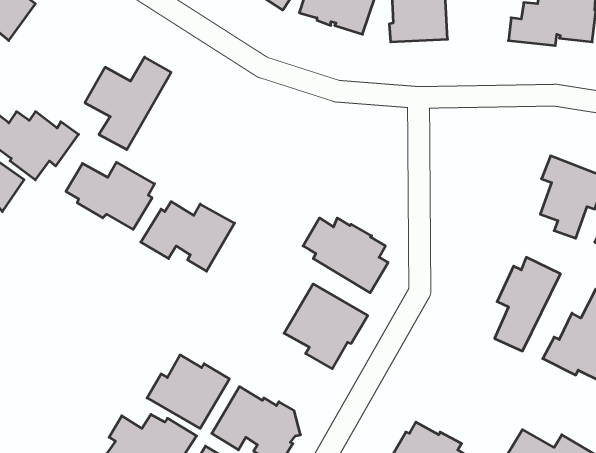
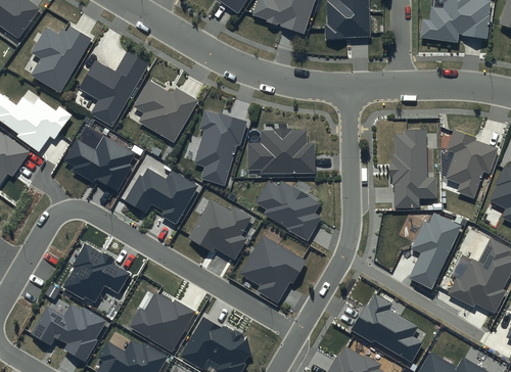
building: none -> [31,26,92,91]
building: none -> [133,80,198,141]
building: none -> [193,109,247,185]
building: none -> [248,128,316,174]
building: none -> [389,129,437,207]
building: none -> [188,198,252,259]
building: none -> [63,243,130,301]
building: none -> [351,293,423,362]
building: none -> [31,304,107,362]

